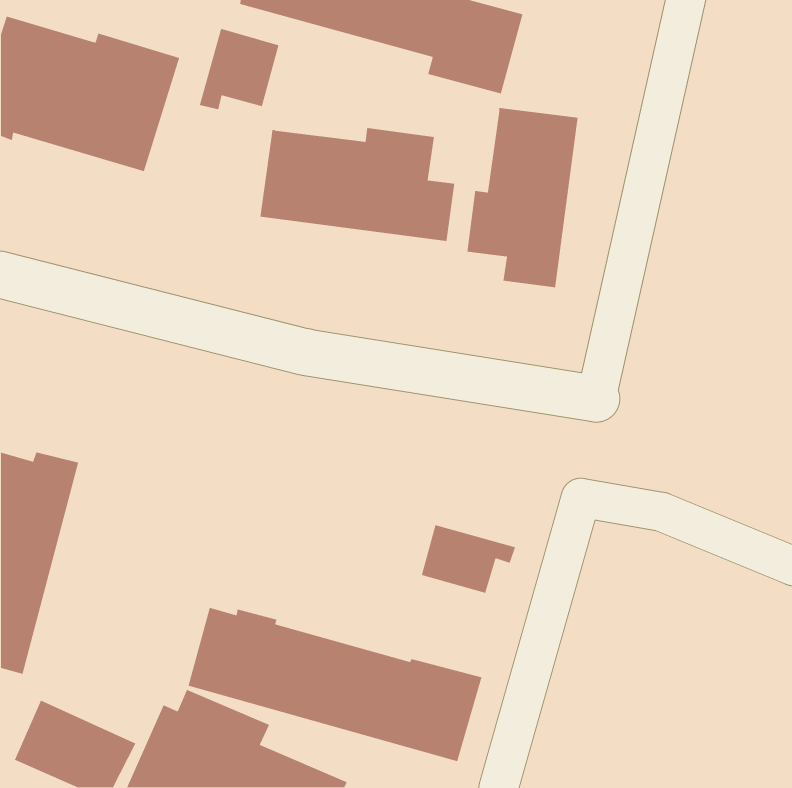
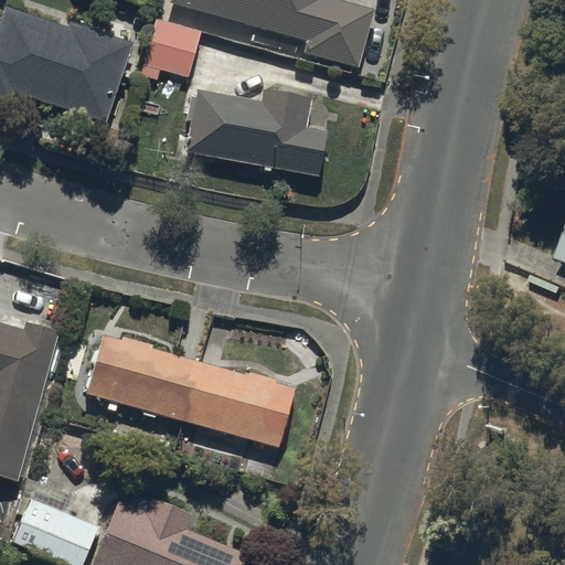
building: [467,107,578,288] -> none
building: [421,524,516,594] -> none
building: [188,607,483,762] -> [86,337,296,447]

